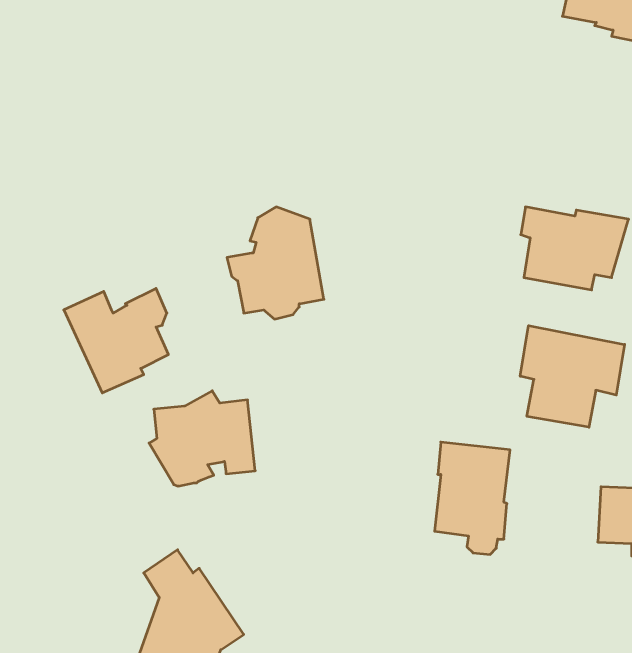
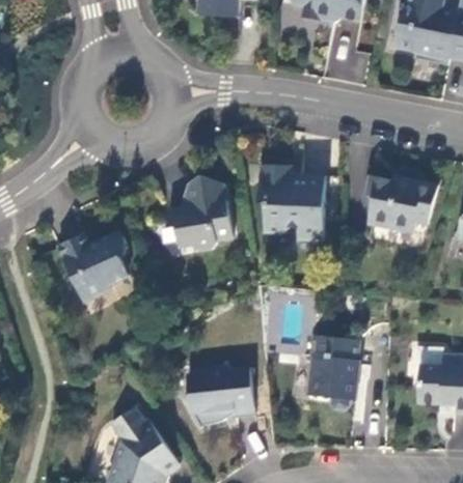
building: none -> [258,165,325,240]
building: [520,326,625,427] -> none
building: [149,391,255,486] -> [183,362,254,426]

